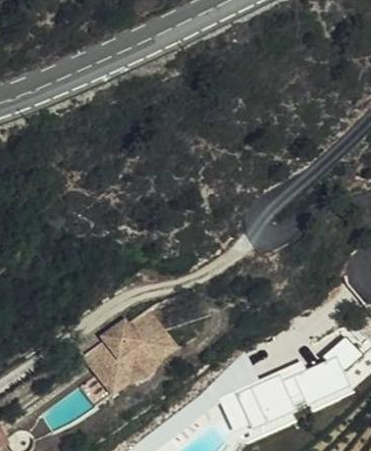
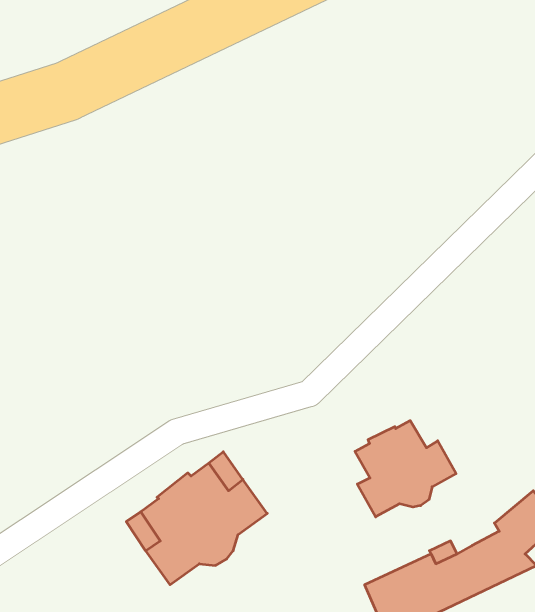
building: none -> [355,421,456,517]

